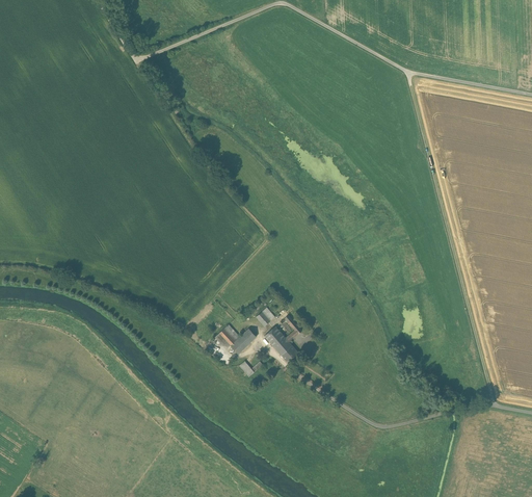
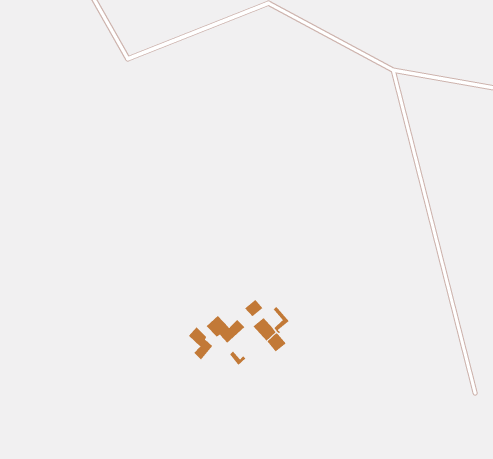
building: none -> [188,327,213,360]

